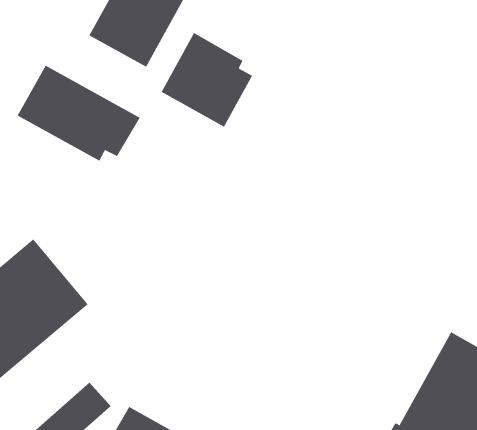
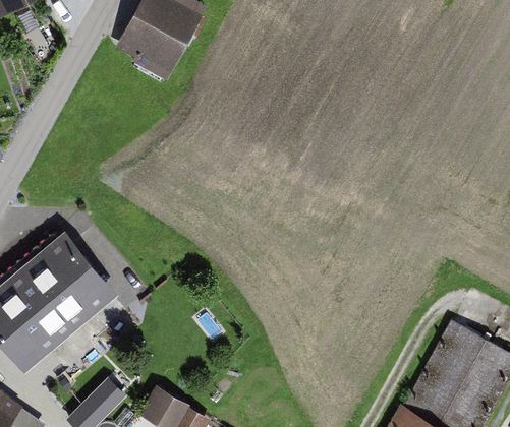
building: [161,32,253,127] -> none
building: [17,65,141,161] -> none

